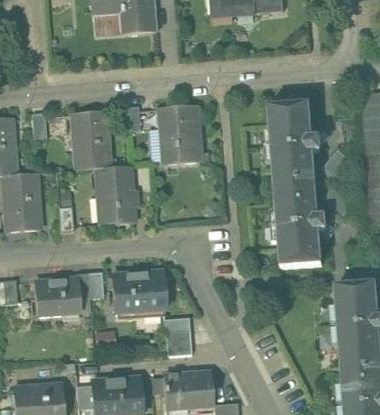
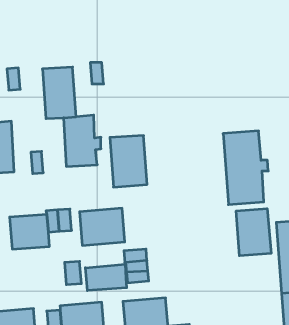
building: [269,103,320,186] -> none
building: [159,106,201,164] -> [110,136,147,187]
building: none -> [236,209,271,256]
building: none -> [85,264,127,291]

